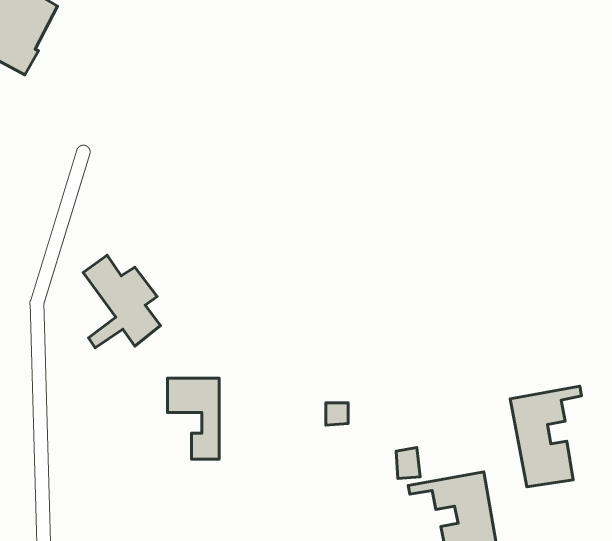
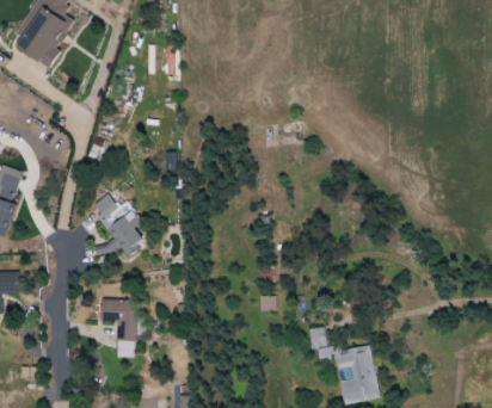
building: [168,378,219,459] -> [100,301,136,357]
building: [510,386,581,487] -> none

